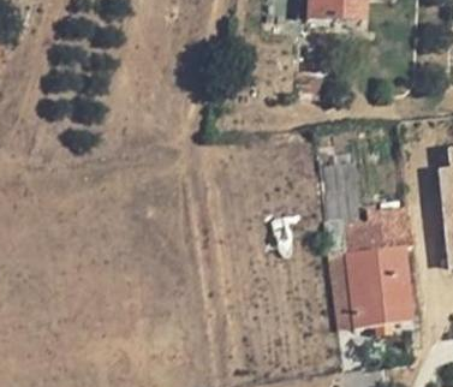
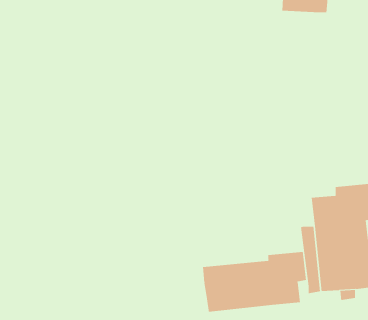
building: none -> [203,251,306,312]

